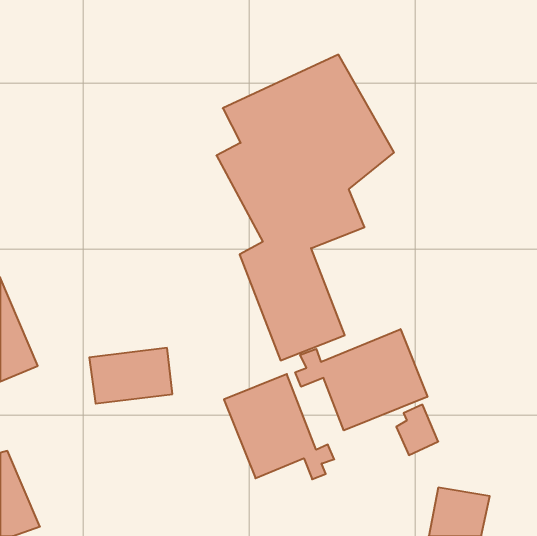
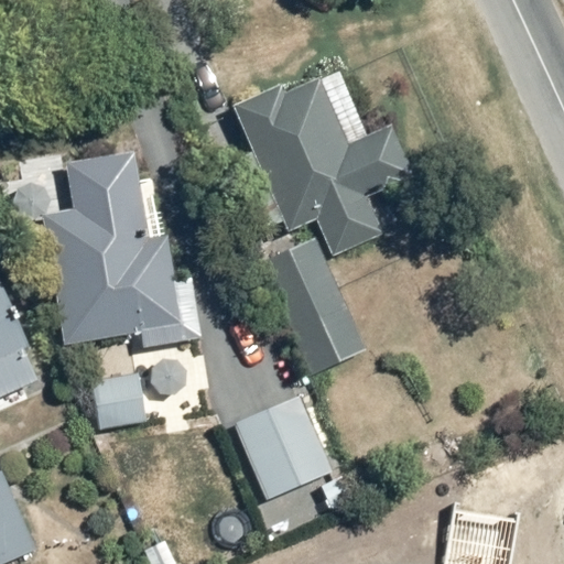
building: none -> [40,150,200,349]
building: [295,329,427,430] -> none

